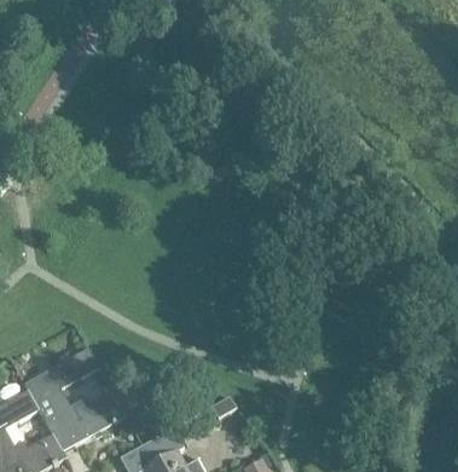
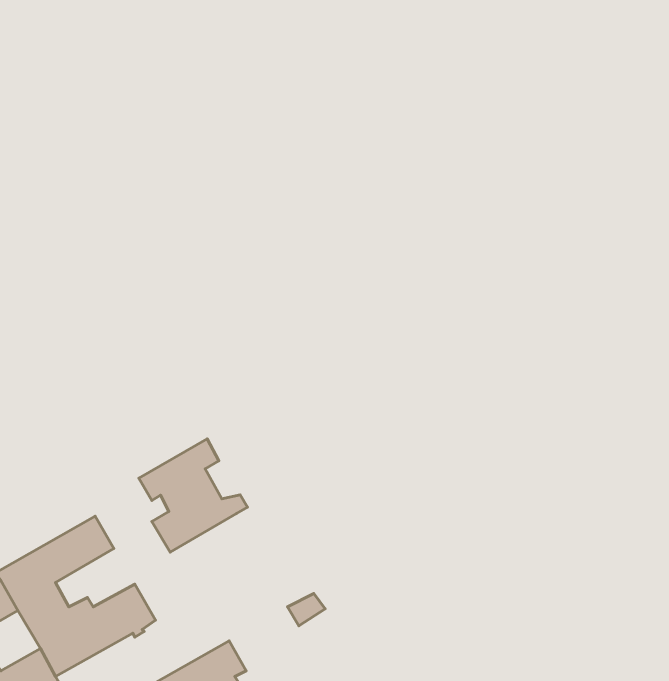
building: none -> [139,439,247,552]

